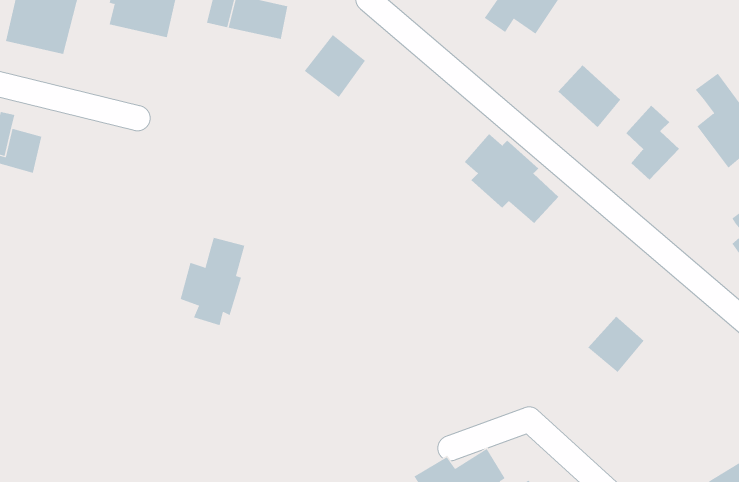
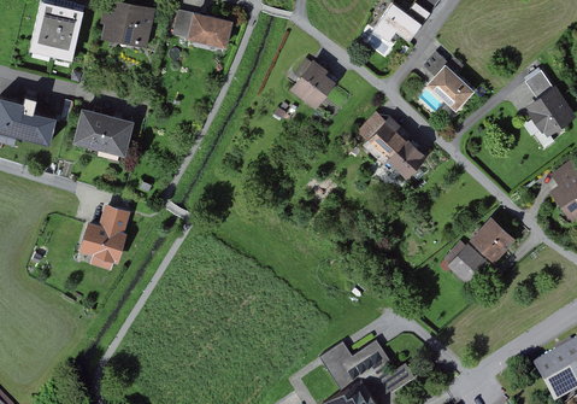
building: [304,34,366,98] -> [289,62,334,107]
building: [626,105,680,181] -> none
building: none -> [75,109,131,153]
building: [180,237,245,326] -> [81,204,128,268]
building: none -> [471,219,516,263]

